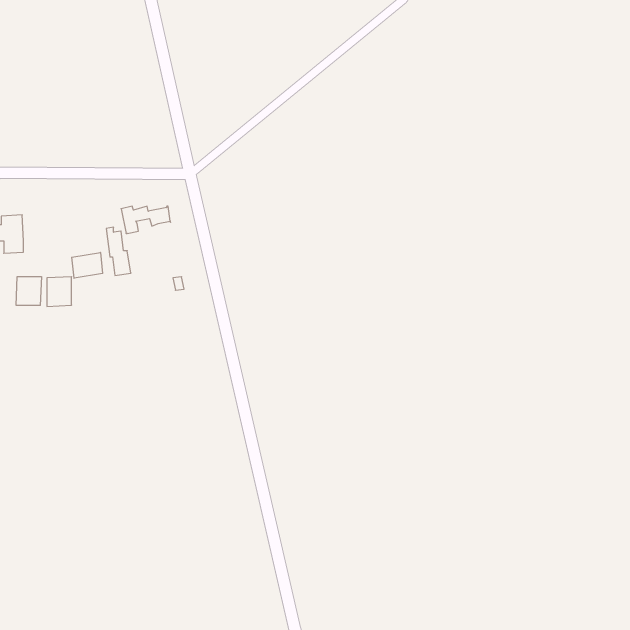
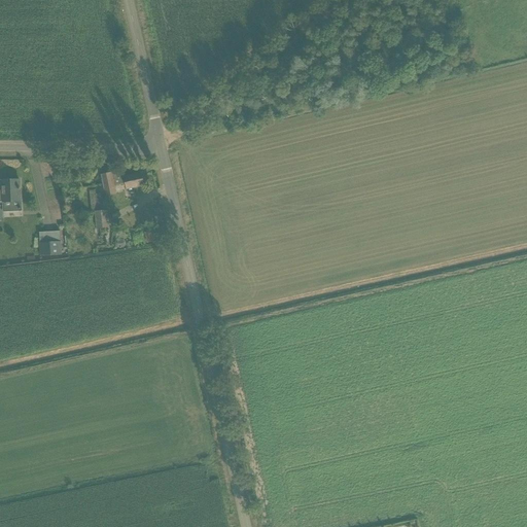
building: [72,252,103,278] -> none
building: [16,277,41,305] -> none

